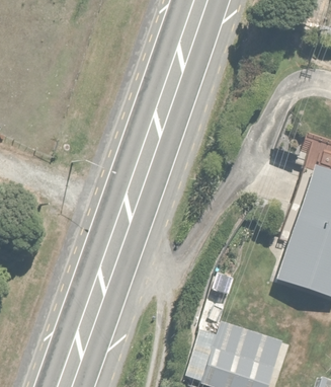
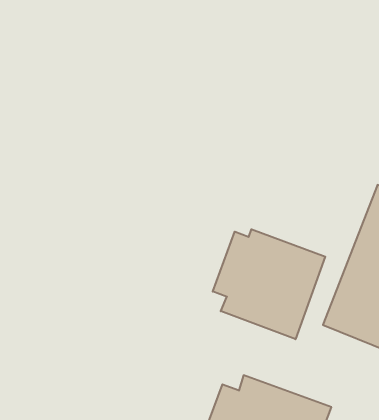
building: none -> [213,229,325,339]

